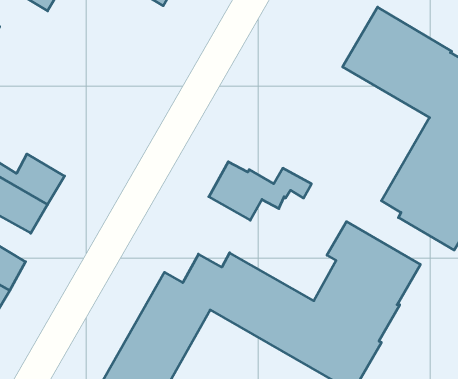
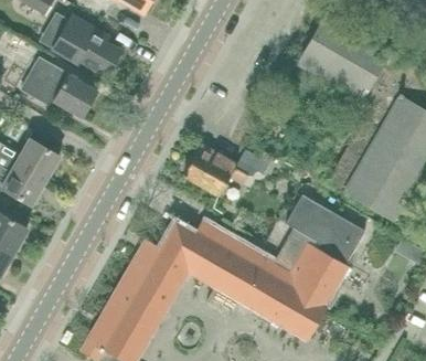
building: none -> [53,15,121,76]
building: none -> [22,57,98,118]

